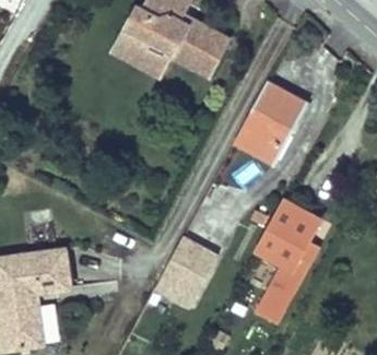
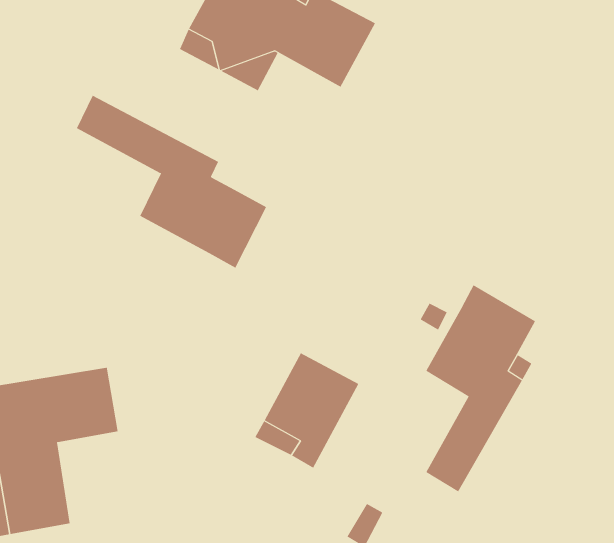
building: [235,82,308,164] -> none
building: none -> [76,95,267,269]

